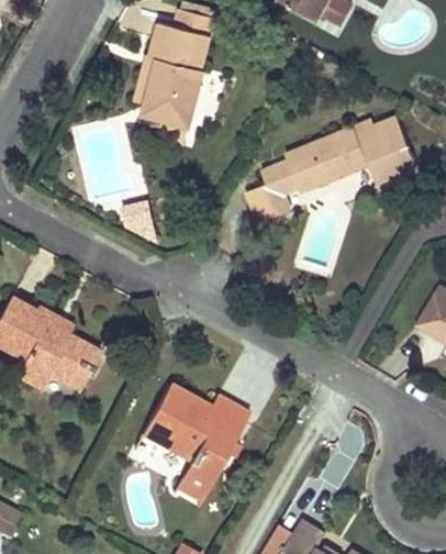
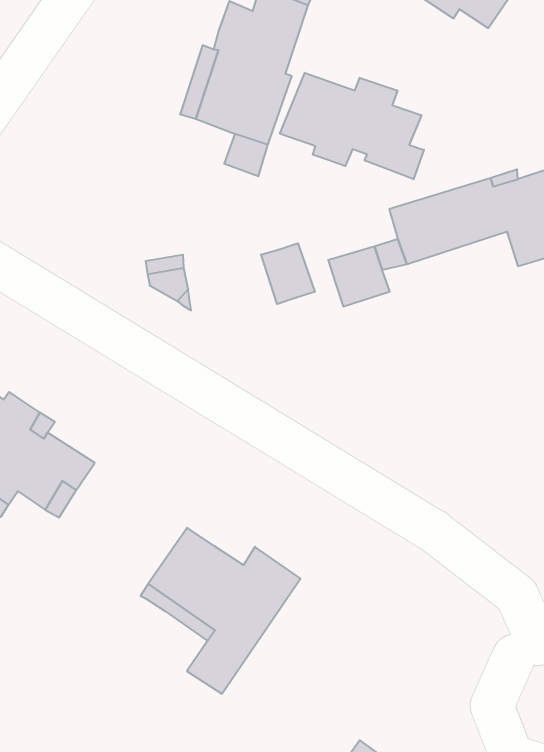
building: none -> [280,73,424,179]
building: none -> [261,243,315,304]

